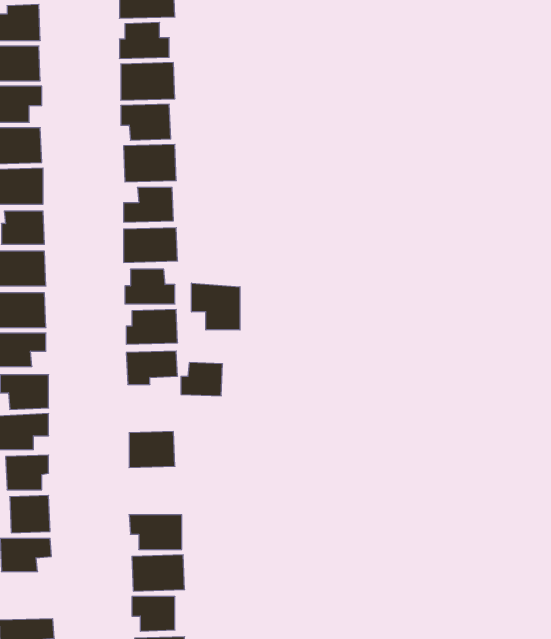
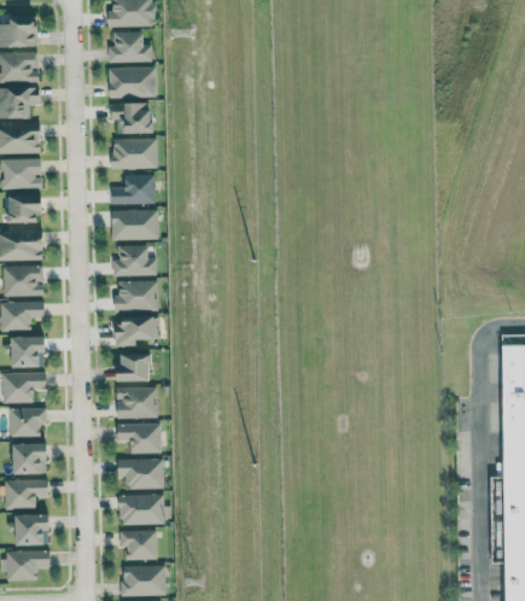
building: [192,283,240,330] -> none
building: [181,363,223,396] -> [116,354,152,383]
building: none -> [117,424,162,454]
building: none -> [16,514,51,545]

